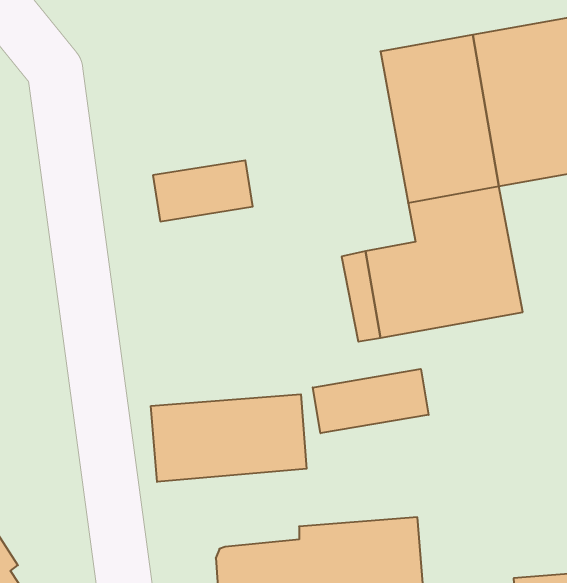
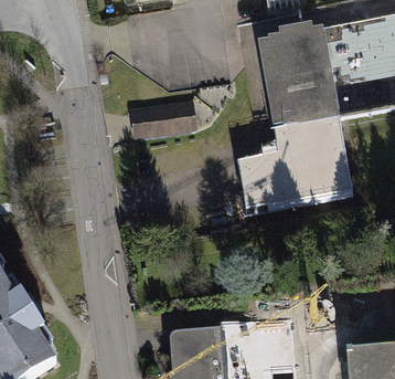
building: [313,369,429,433] -> none
building: [151,394,307,482] -> none

